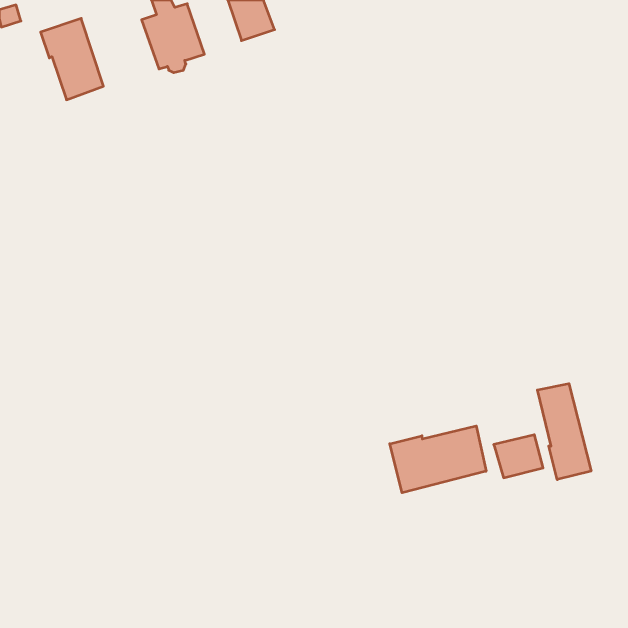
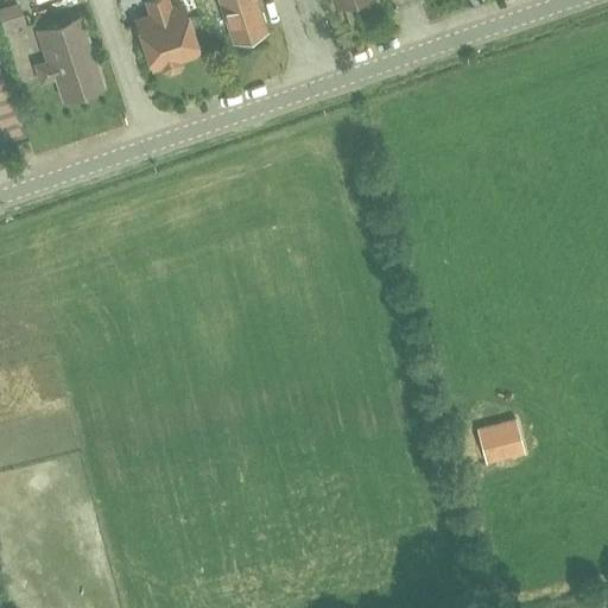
building: [537,384,591,480] -> none
building: [390,426,486,493] -> none

